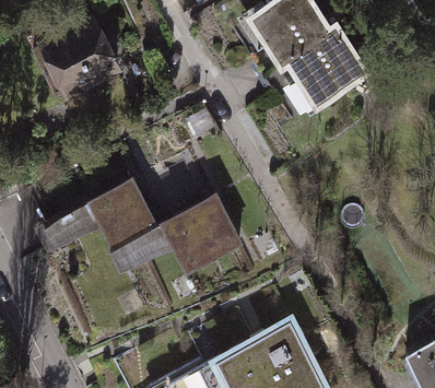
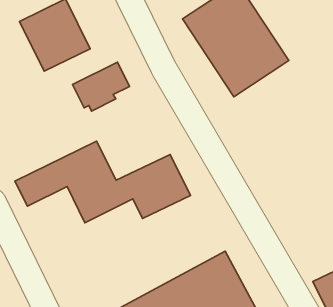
building: none -> [72,62,130,111]

